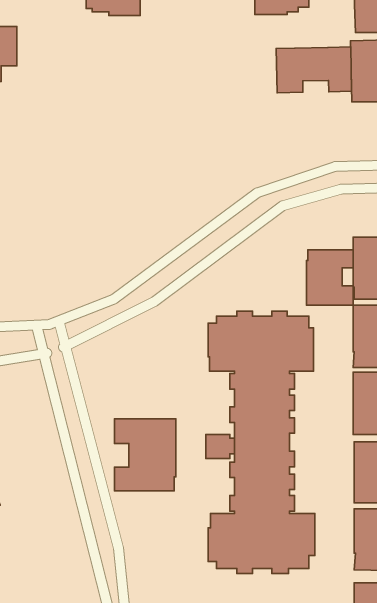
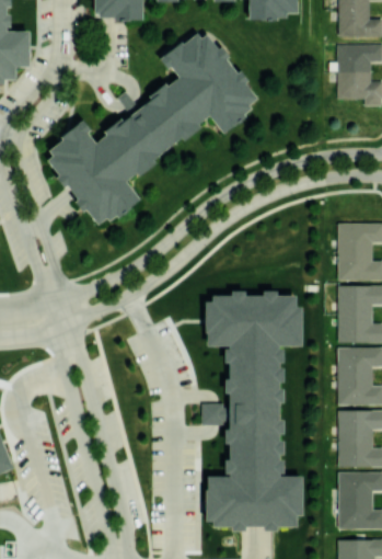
building: none -> [47,33,257,224]
building: [276,47,352,93] -> none
building: [307,250,353,305] -> none
building: [115,419,176,491] -> none

